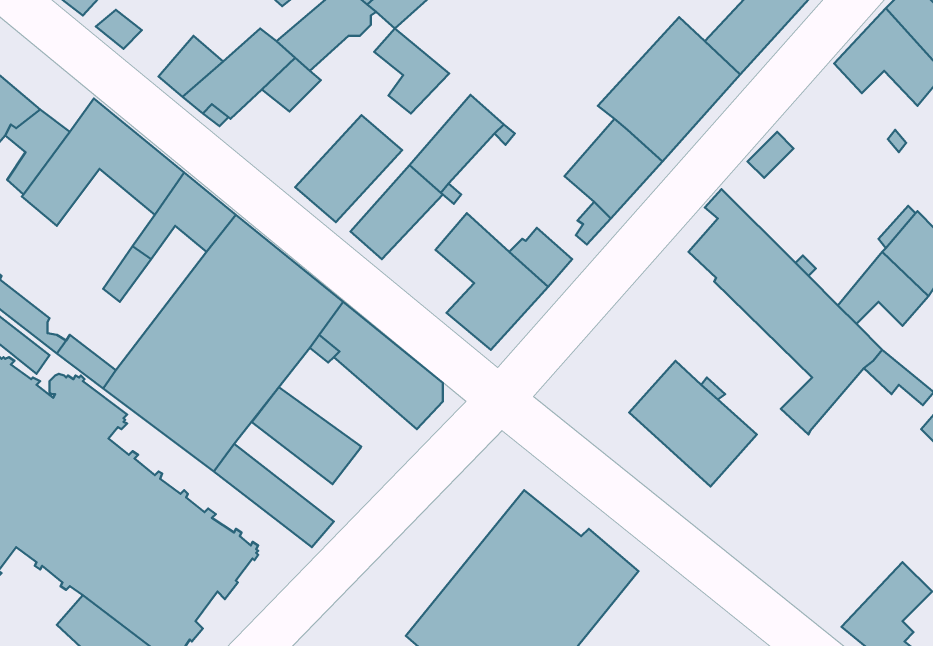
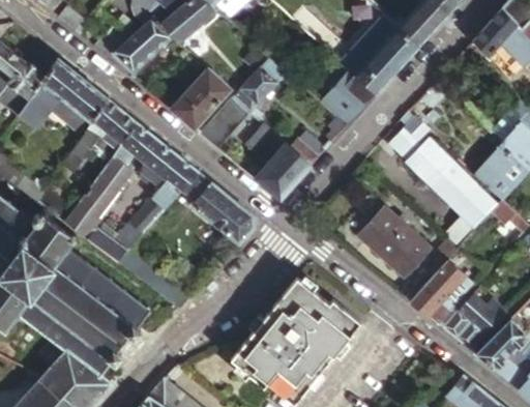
building: [374,28,449,114] -> none
building: [252,387,361,484] -> none
building: none -> [410,245,472,324]
building: none -> [442,294,505,350]

